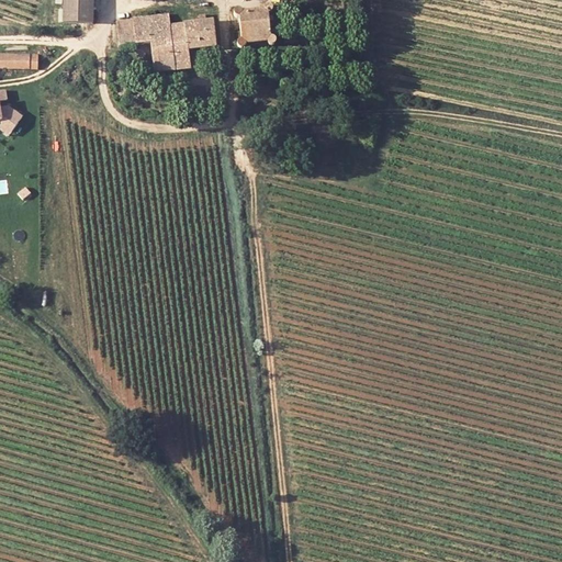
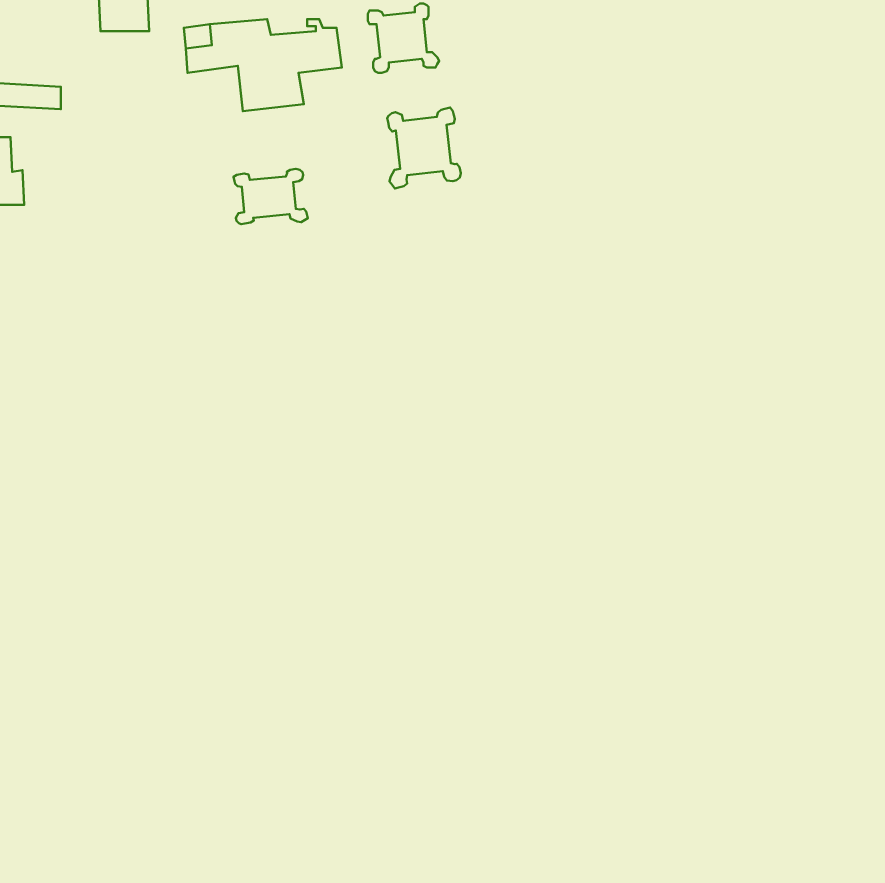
building: none -> [387,108,461,188]
building: none -> [233,169,308,224]

